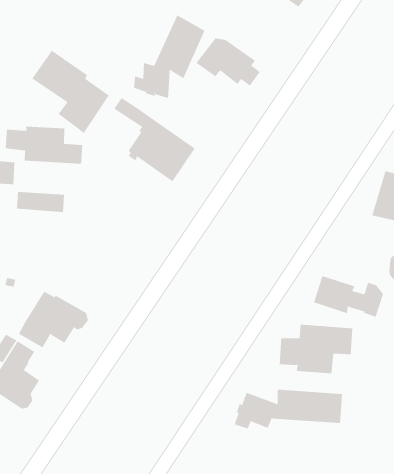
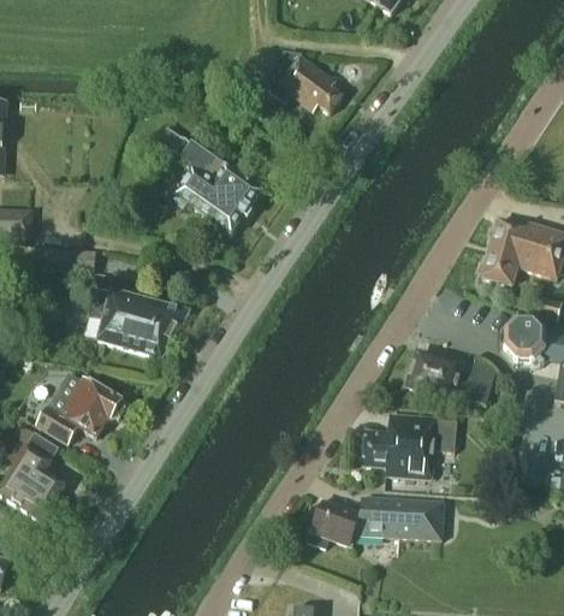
building: [133,15,205,99] -> none
building: [32,50,110,134] -> none
building: [5,126,83,165] -> none
building: none -> [91,286,189,357]

